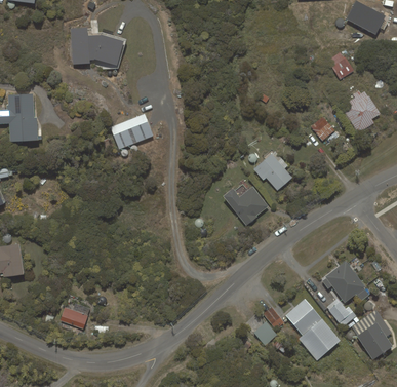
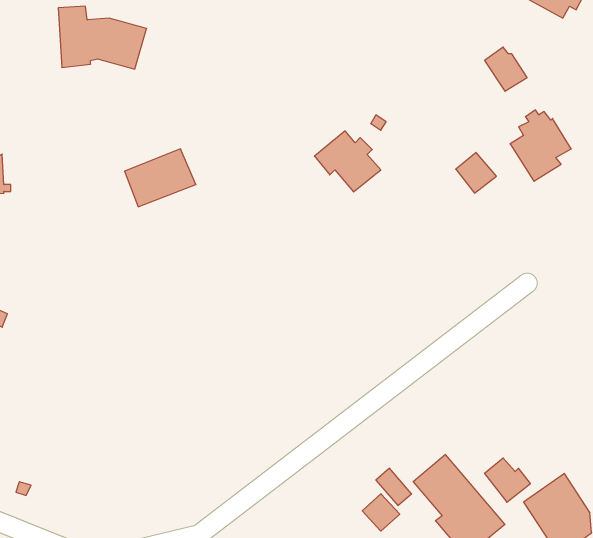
building: [253,154,293,191] -> [314,131,381,192]
building: [223,186,269,226] -> none
building: [325,262,369,303] -> none
building: [59,303,90,328] -> none

